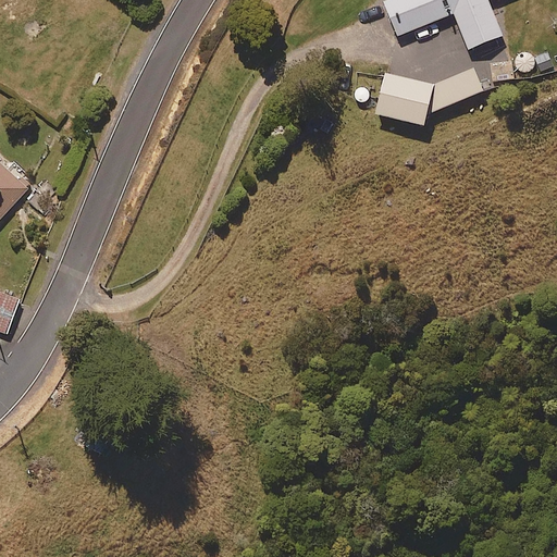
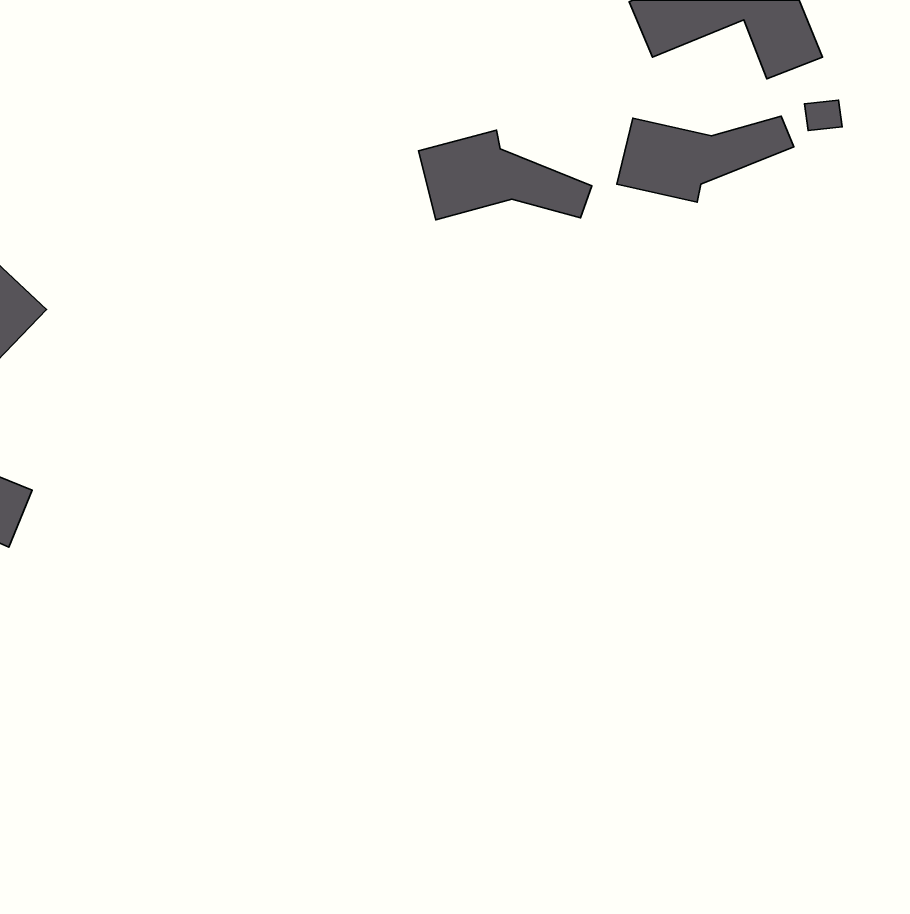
building: none -> [418,130,592,220]

